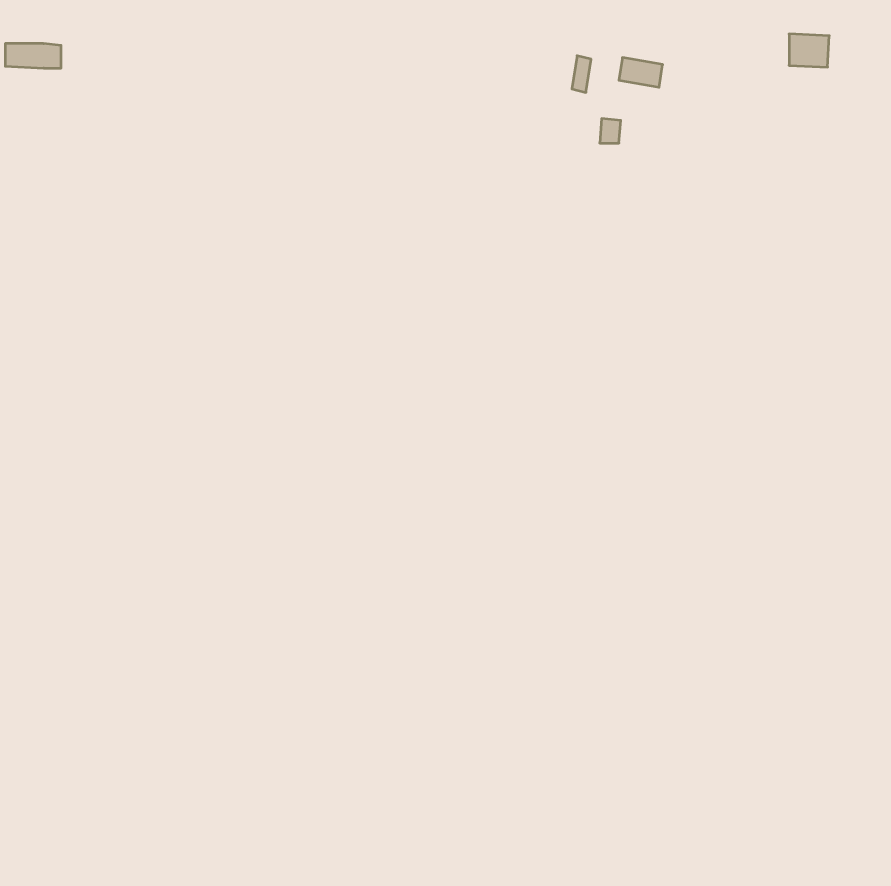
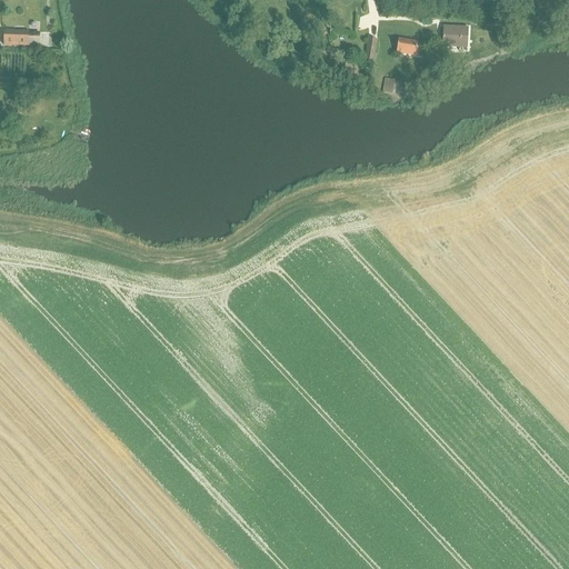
building: [789,34,829,67] -> [442,24,468,46]

